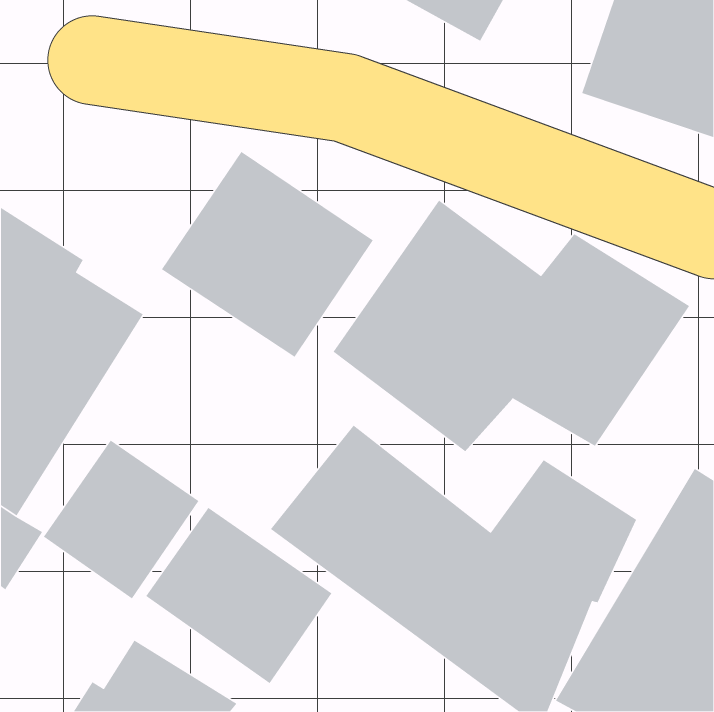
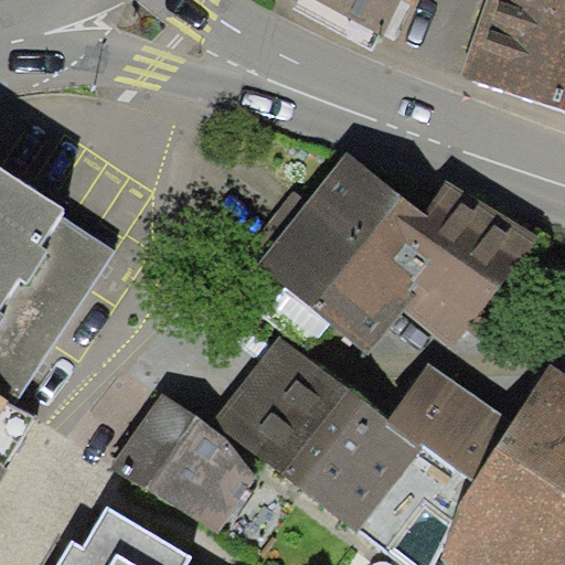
building: [161,151,374,358] -> none
building: [43,439,199,599] -> none

